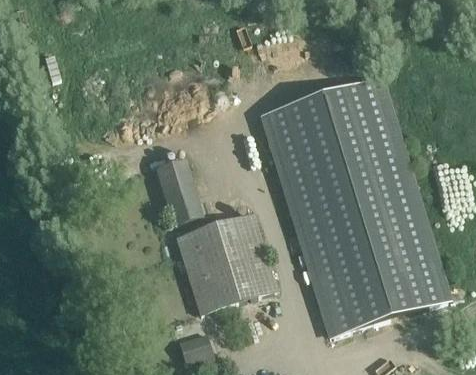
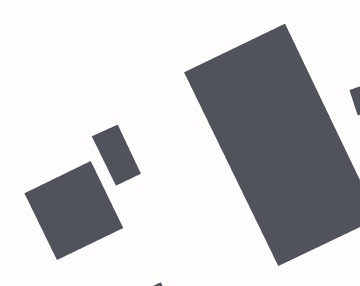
building: [176,212,277,313] -> [23,160,124,261]

